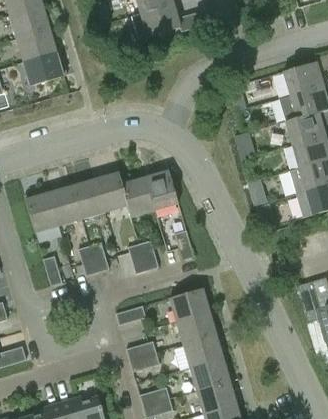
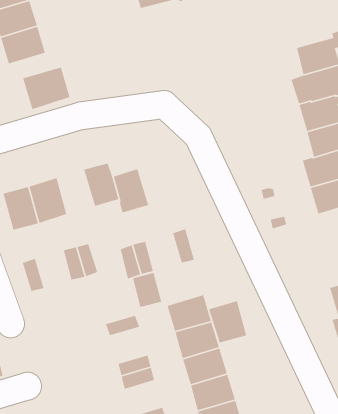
building: none -> [22,66,71,110]
building: [144,170,178,210] -> none
building: [73,178,106,218] -> none
building: none -> [132,272,162,308]
building: none -> [208,300,247,344]

